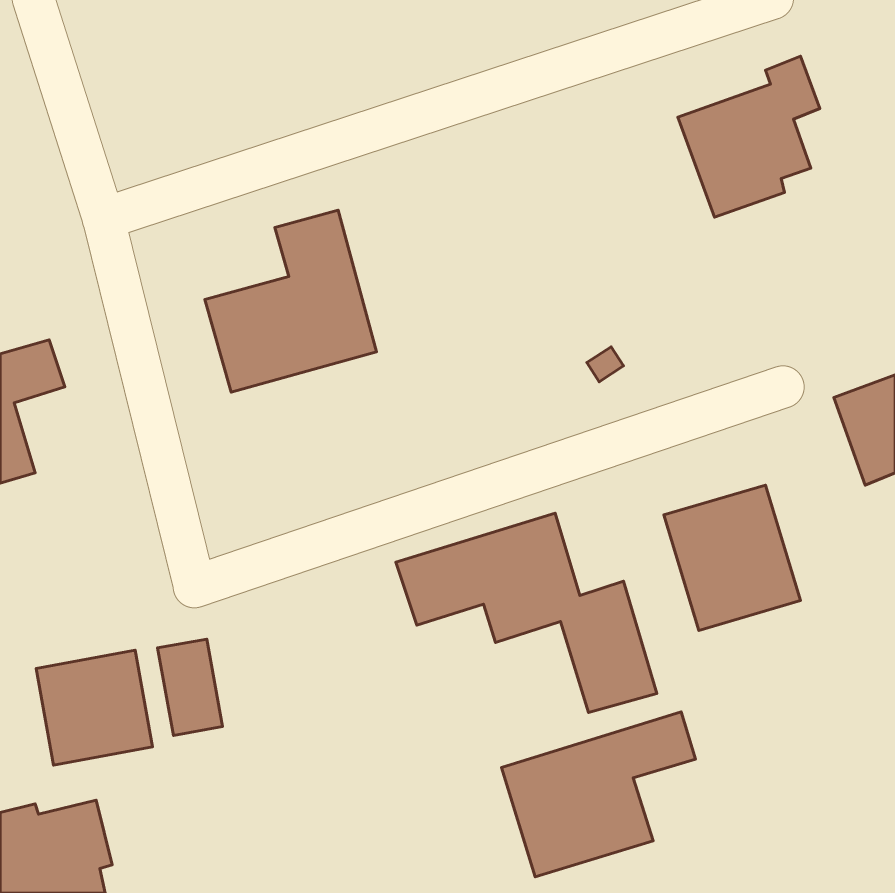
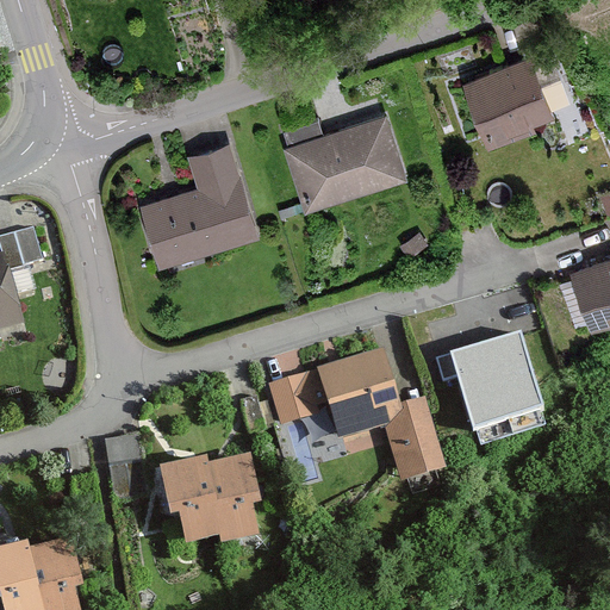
building: none -> [281,114,406,212]
building: [36,650,152,765] -> none
building: none -> [156,461,256,552]
building: [502,712,696,877] -> none

